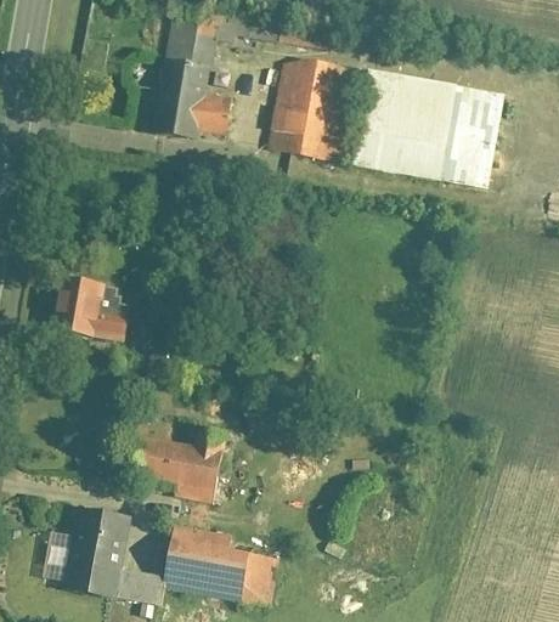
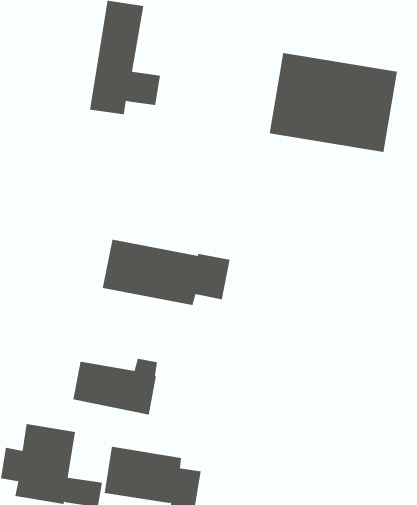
building: [267,61,355,159] -> none
building: [50,276,131,337] -> none
building: none -> [102,239,230,306]

